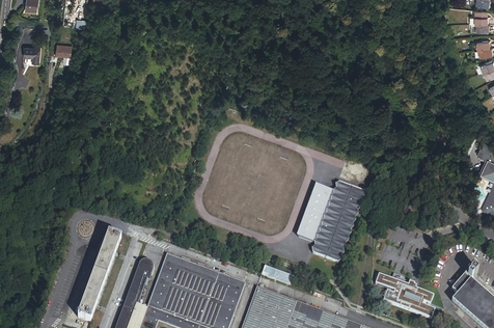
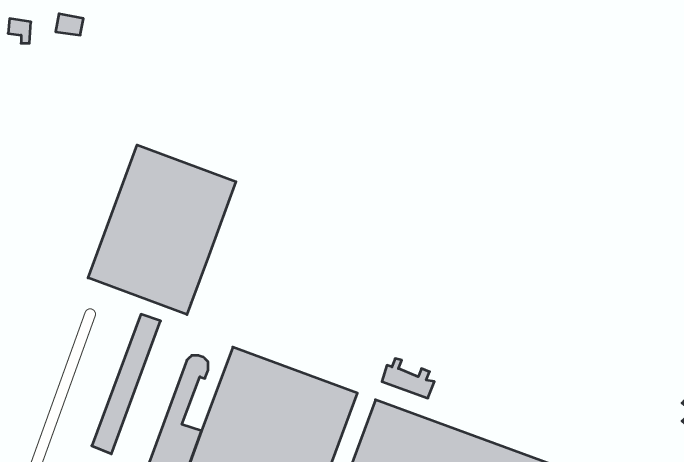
building: none -> [88,145,236,315]
building: [298,181,365,262] -> none
building: [375,273,435,318] -> none

